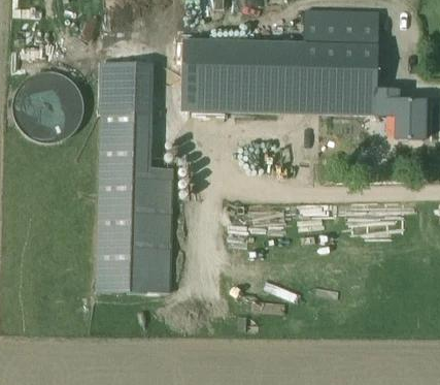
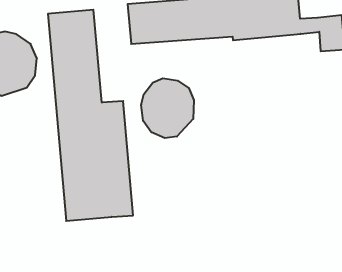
building: none -> [141,78,194,138]

